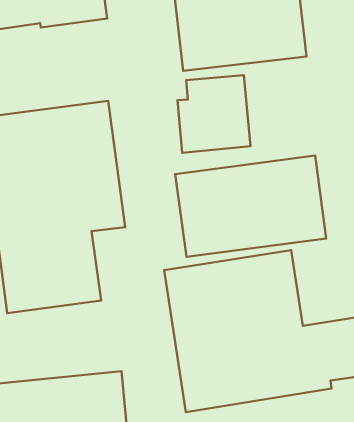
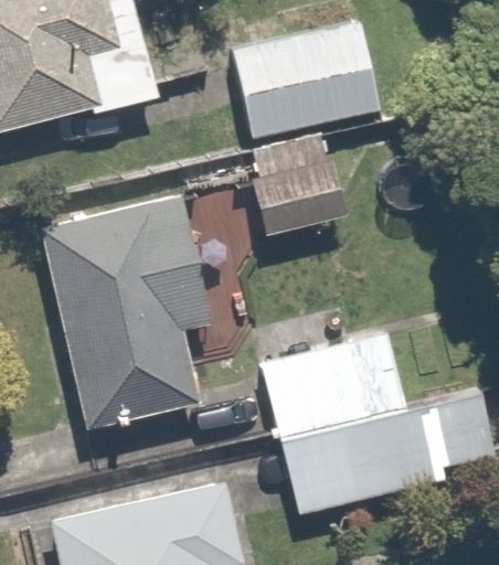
building: [175,156,326,257] -> none

